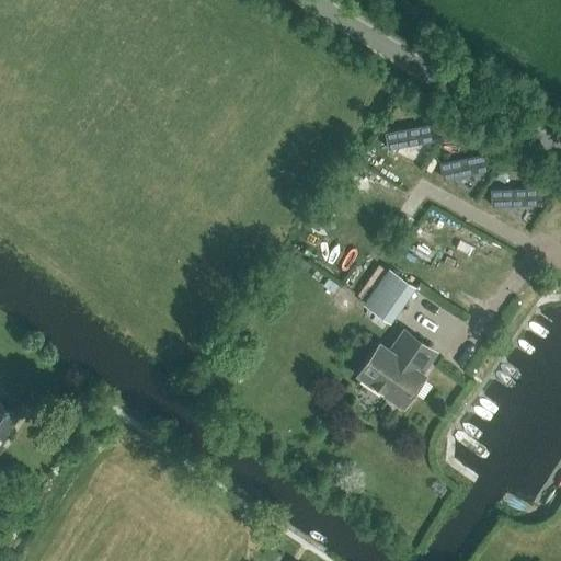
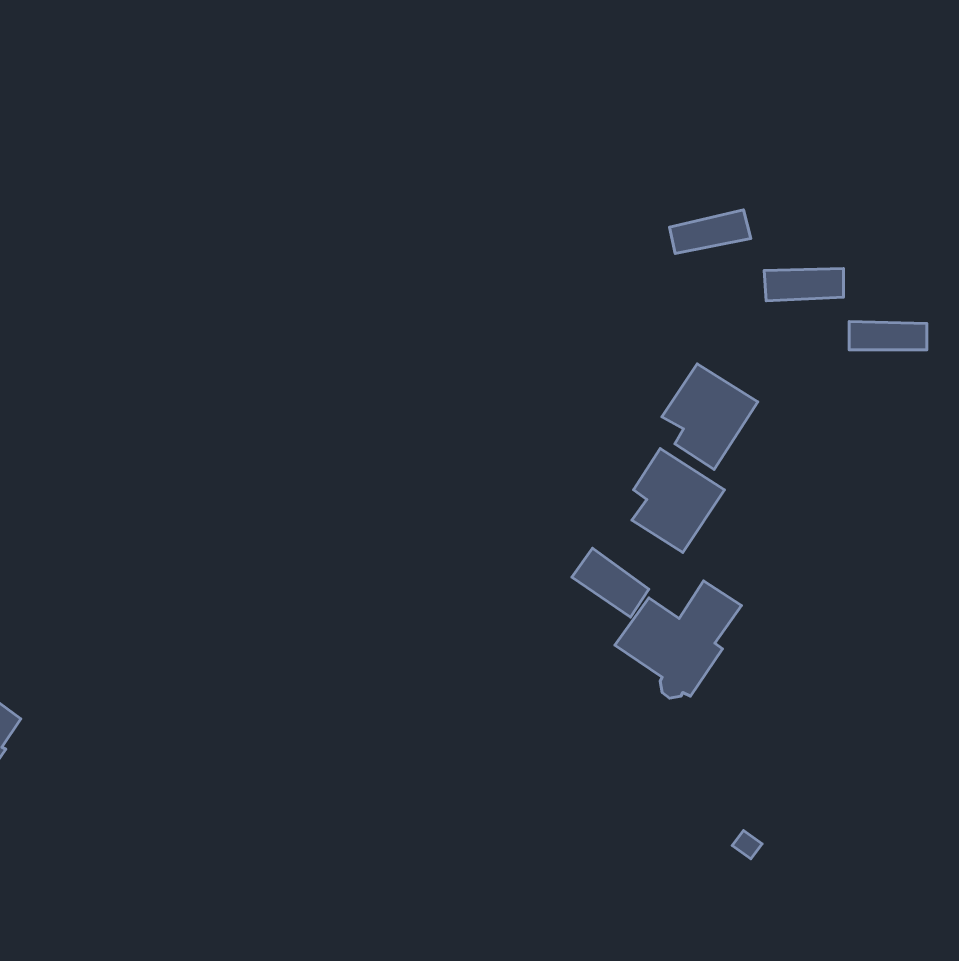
building: none -> [662,364,758,470]
building: none -> [572,548,649,617]

